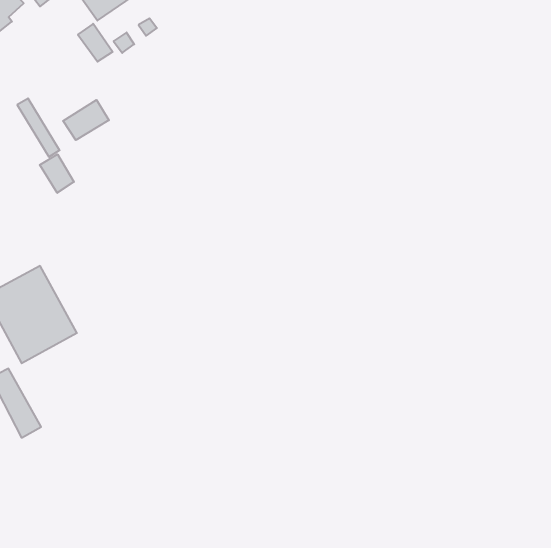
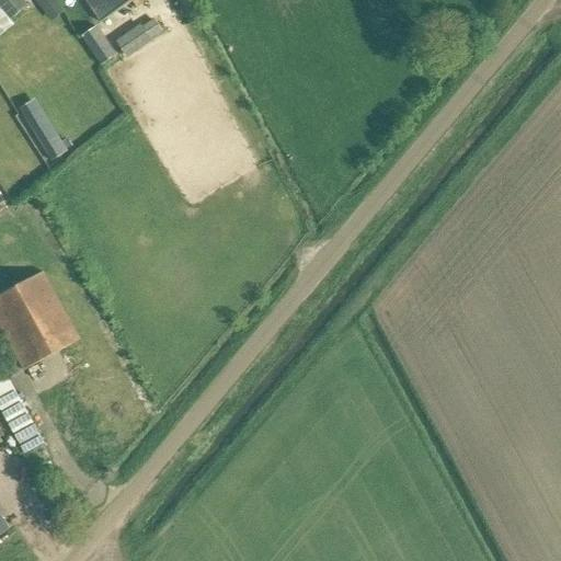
building: [63,100,109,140] -> none
building: [40,154,74,193] -> none

